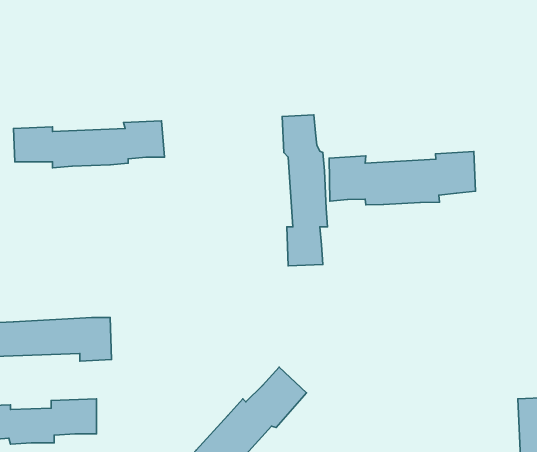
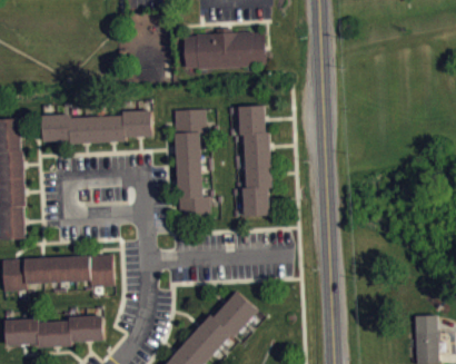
building: none -> [185,27,266,67]
building: none -> [175,108,211,222]
building: [329,152,476,205] -> none

